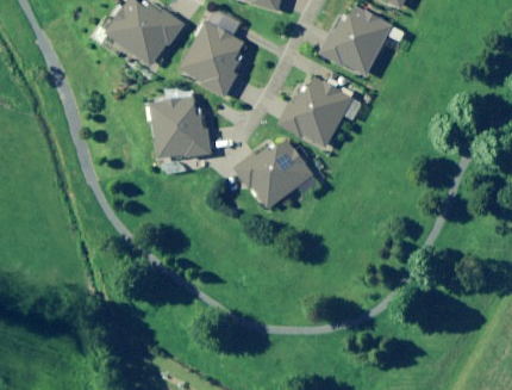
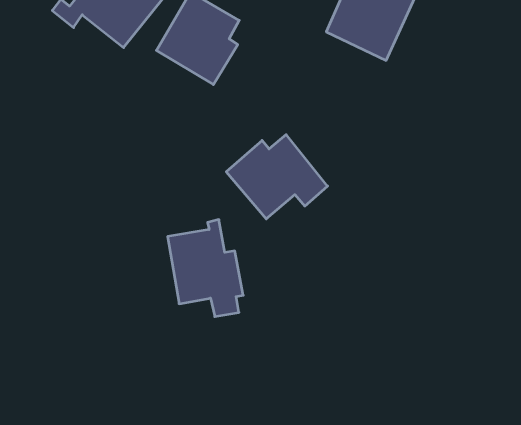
building: [277,74,352,147] -> none
building: [149,88,212,169] -> [168,220,243,317]

